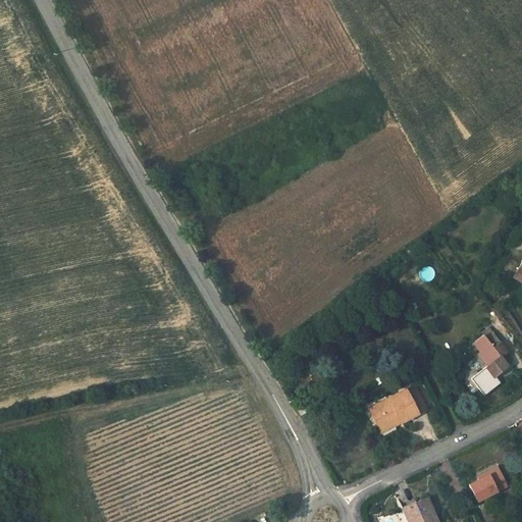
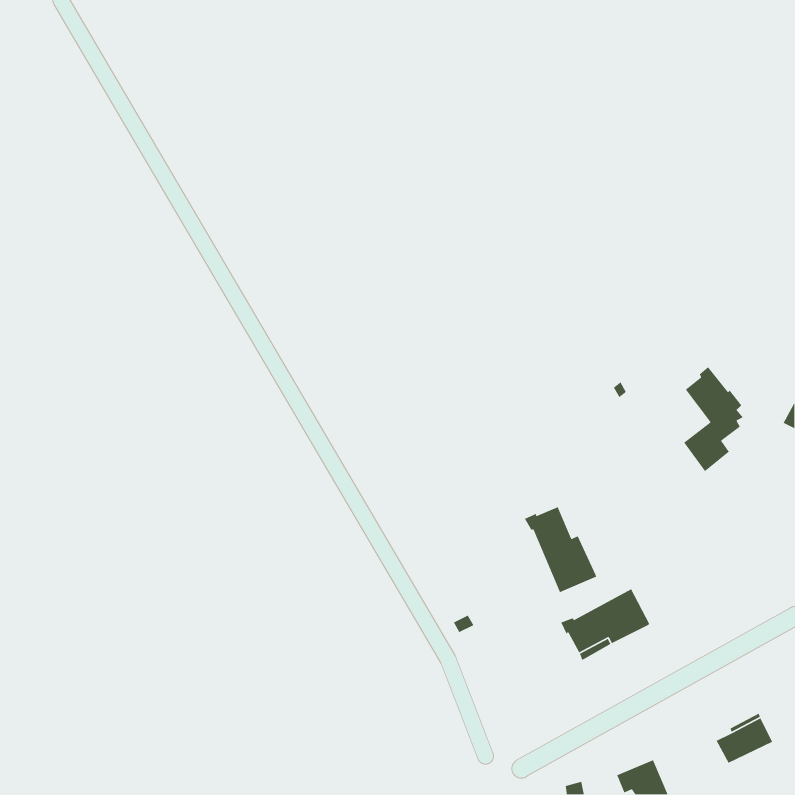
building: [470,326,510,396] -> [683,366,744,472]
building: none -> [524,506,597,593]

